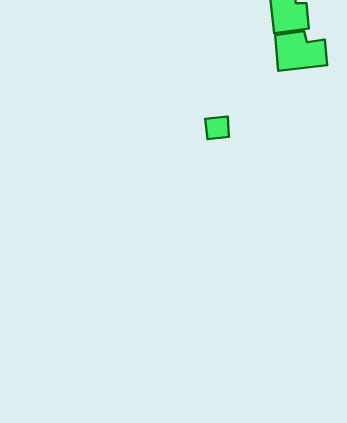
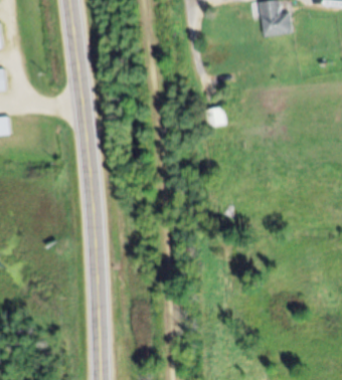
building: [275,31,327,71] -> none

